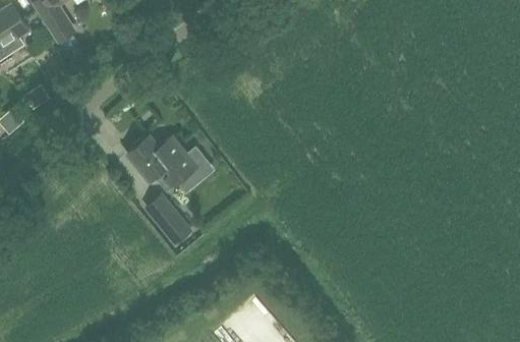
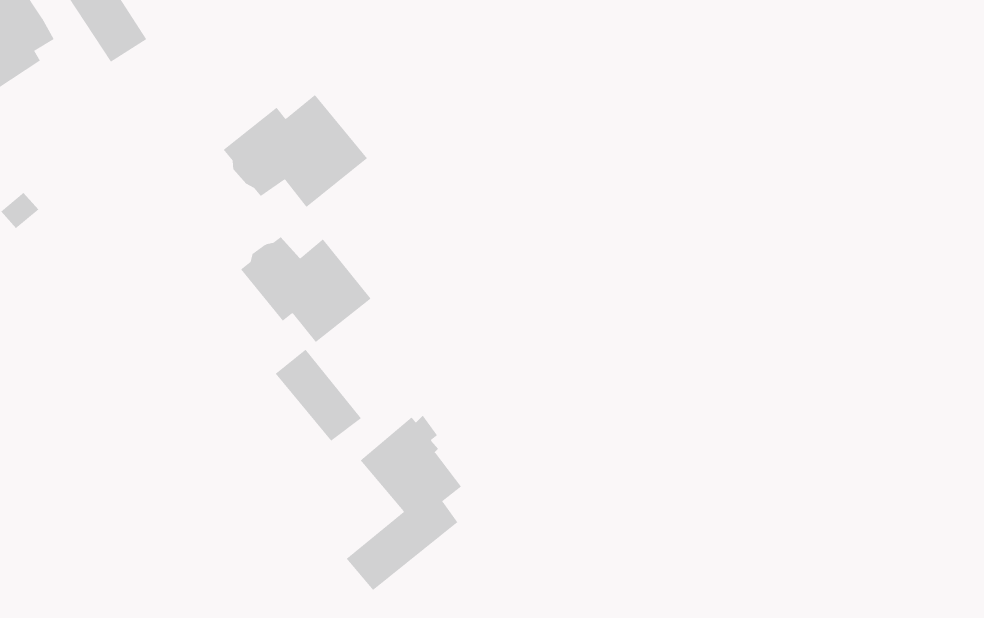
building: none -> [223,94,368,208]
building: none -> [346,415,462,591]

